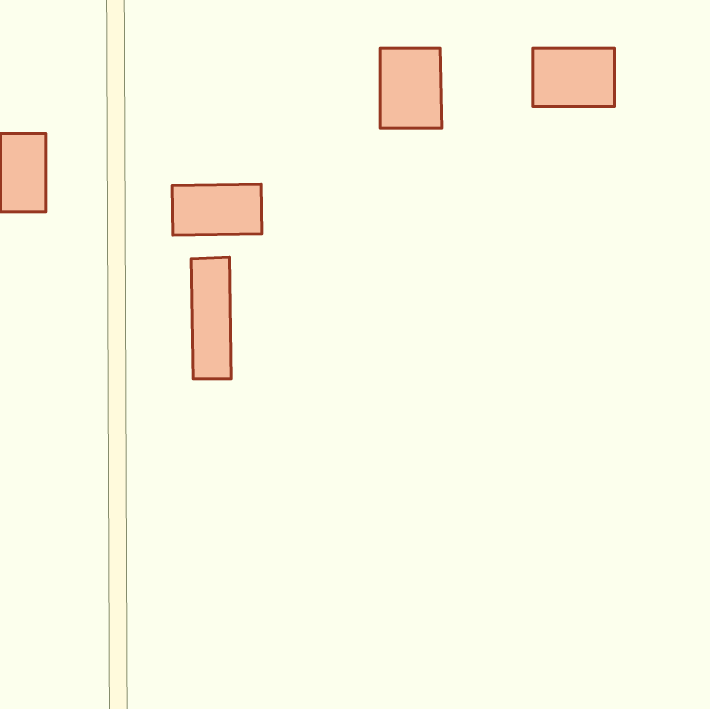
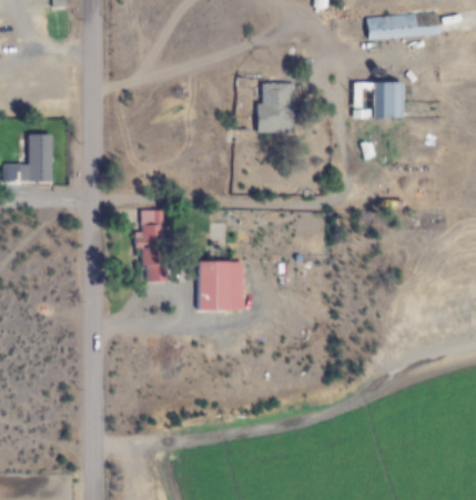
building: [172,184,262,235] -> none
building: none -> [196,262,241,310]

